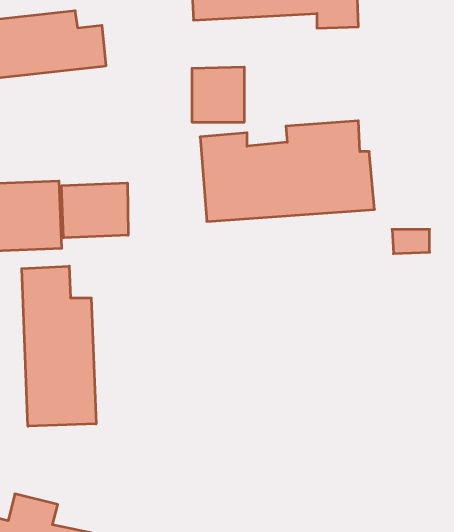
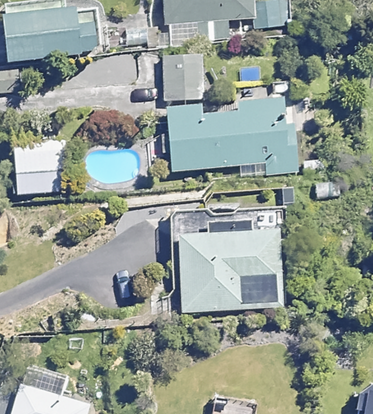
building: [62,183,128,238] -> none
building: [22,266,96,426] -> none
building: none -> [177,212,281,310]

